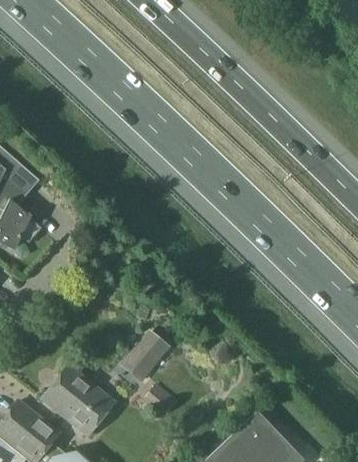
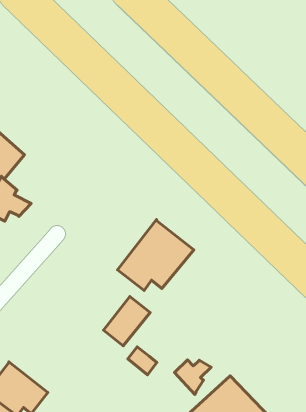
building: none -> [117,220,194,291]
building: [42,365,115,435] -> none
building: none -> [174,360,211,394]

